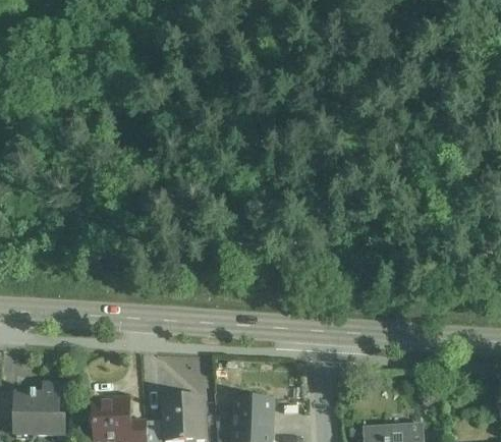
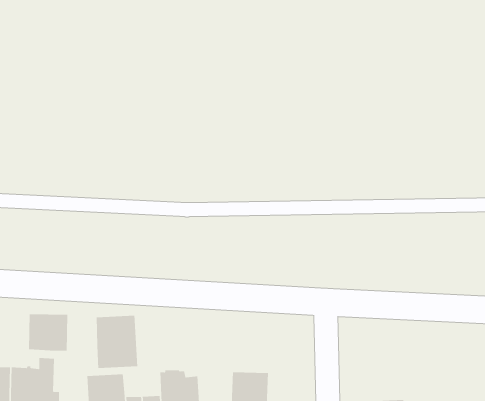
building: none -> [28,313,68,351]
building: none -> [96,315,138,369]

